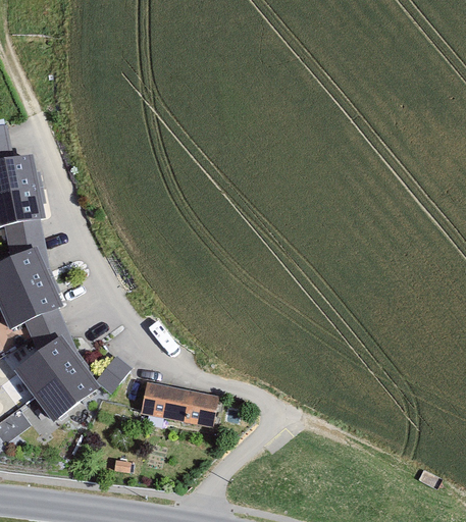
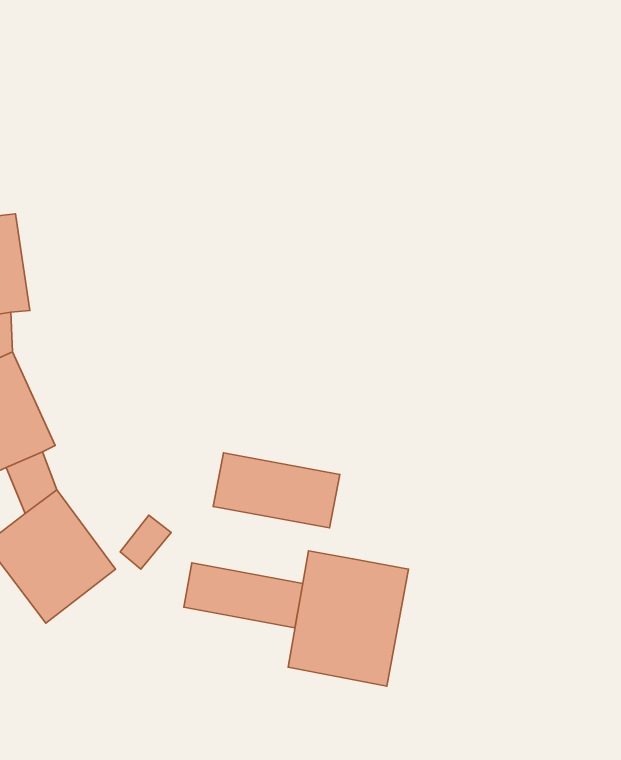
building: none -> [213,453,340,528]
building: none -> [288,551,409,686]

